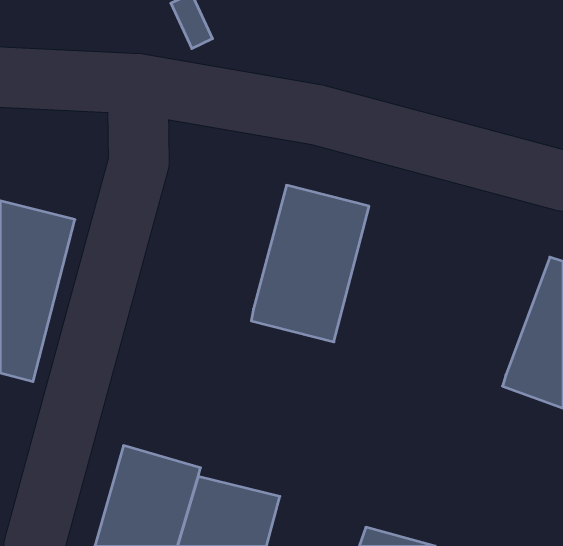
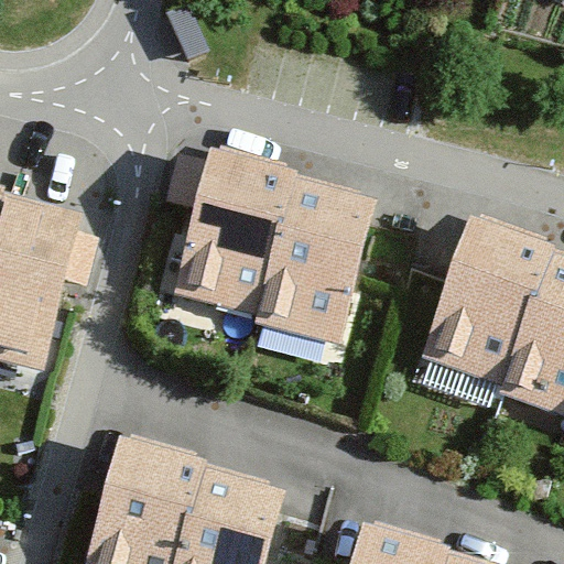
building: none -> [167,155,289,308]
building: none -> [426,219,553,375]

